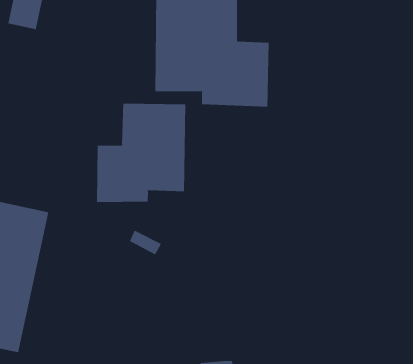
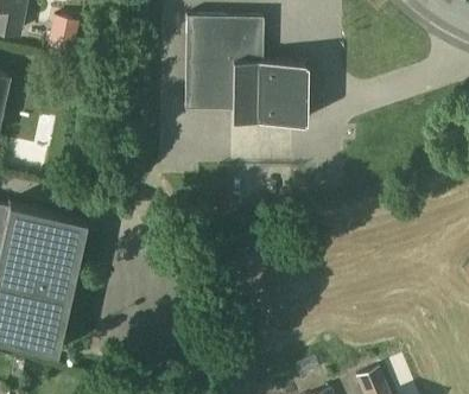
building: [97,103,186,203] -> none

